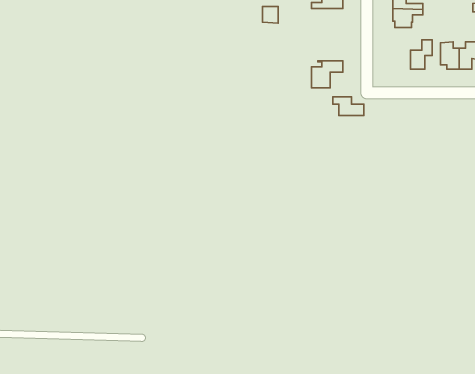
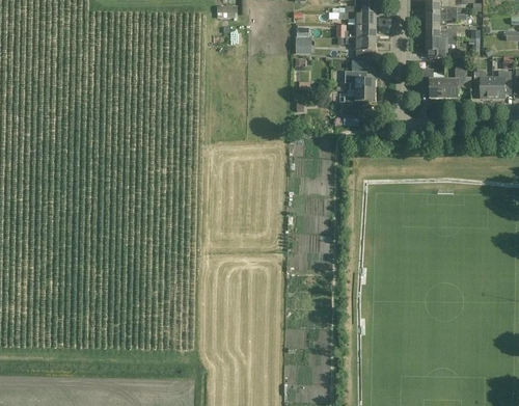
building: none -> [346,36,377,55]
building: none -> [424,67,444,97]
building: [333,97,364,116] -> [346,70,377,88]

